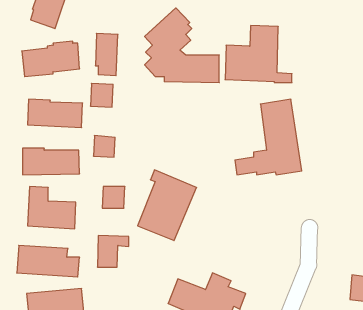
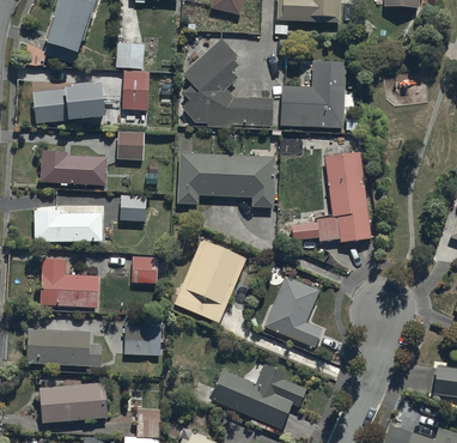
building: none -> [115,42,144,67]
building: none -> [176,152,274,207]
building: none -> [263,275,322,347]

